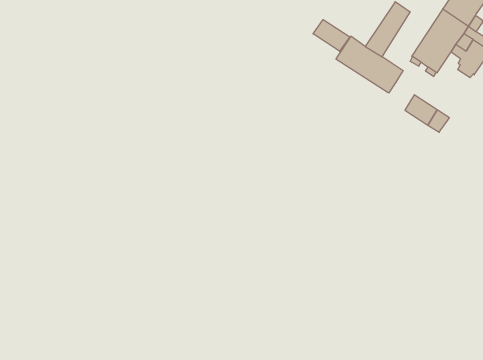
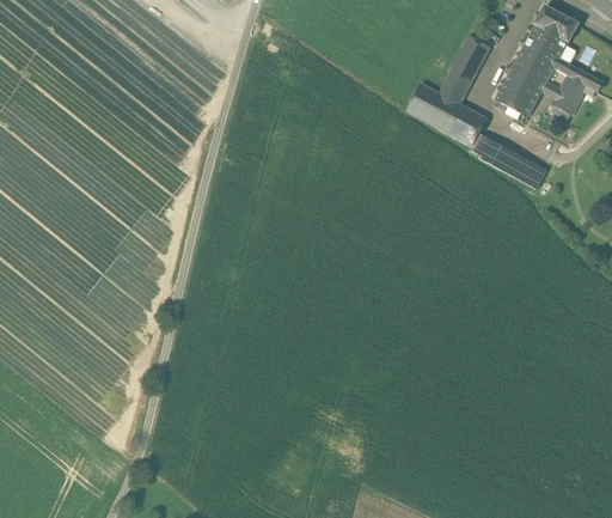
building: [313,20,350,51] -> none
building: none -> [470,132,502,164]

